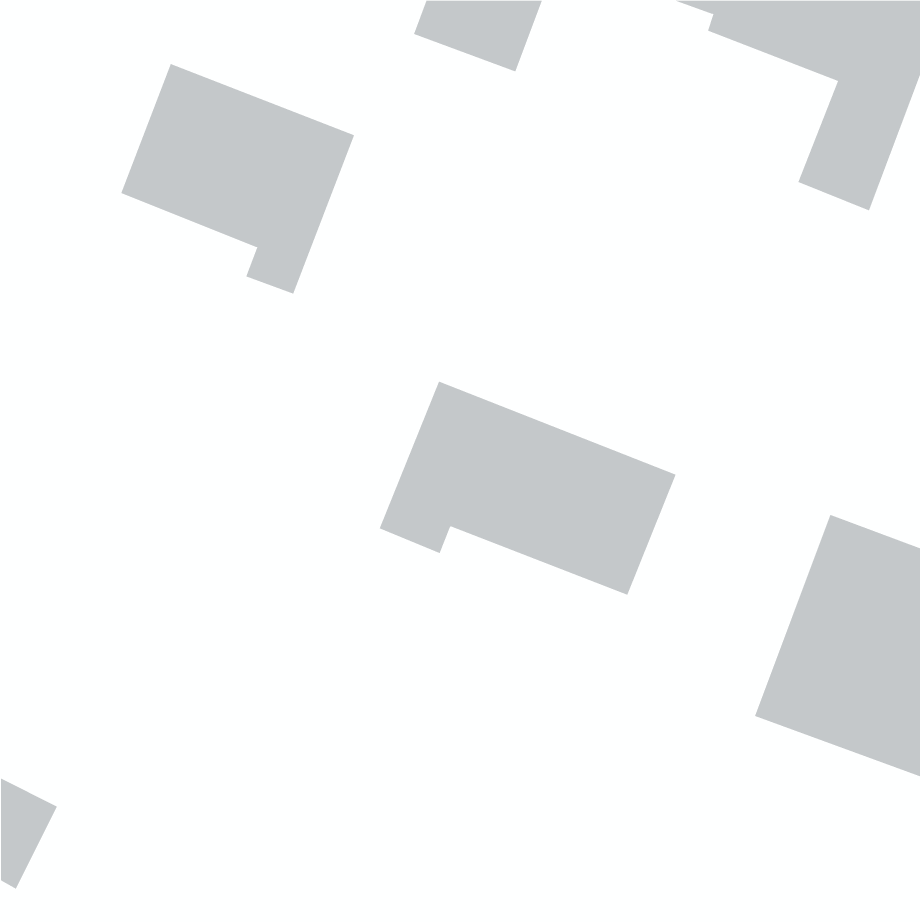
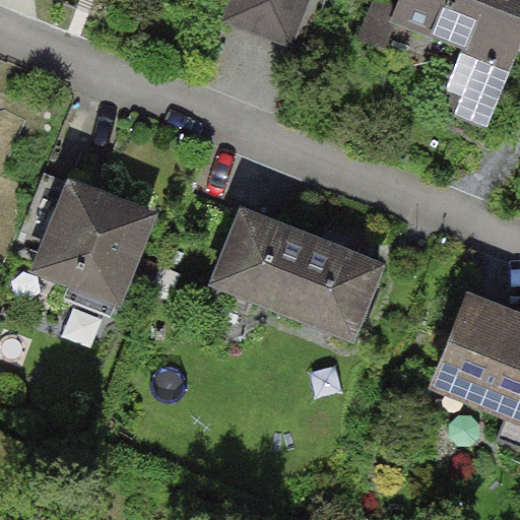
building: [120,63,355,295] -> none
building: none -> [25,176,152,300]

